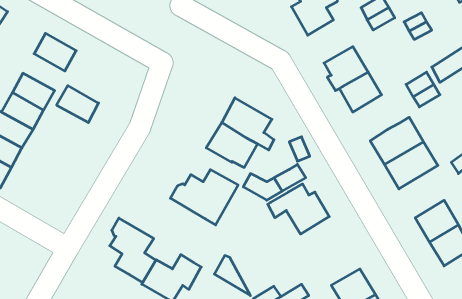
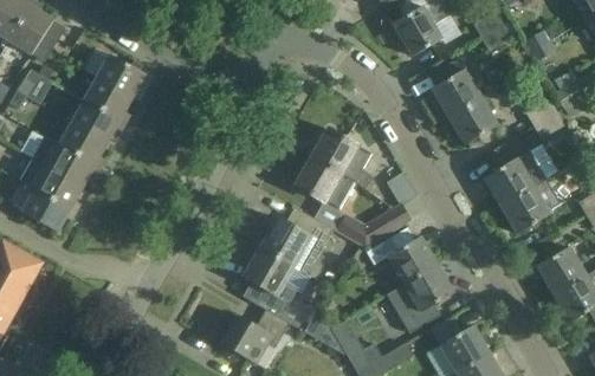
building: [57,86,99,123] -> [83,77,131,119]
building: none -> [387,265,453,332]
building: [110,218,156,283] -> [242,244,296,318]

